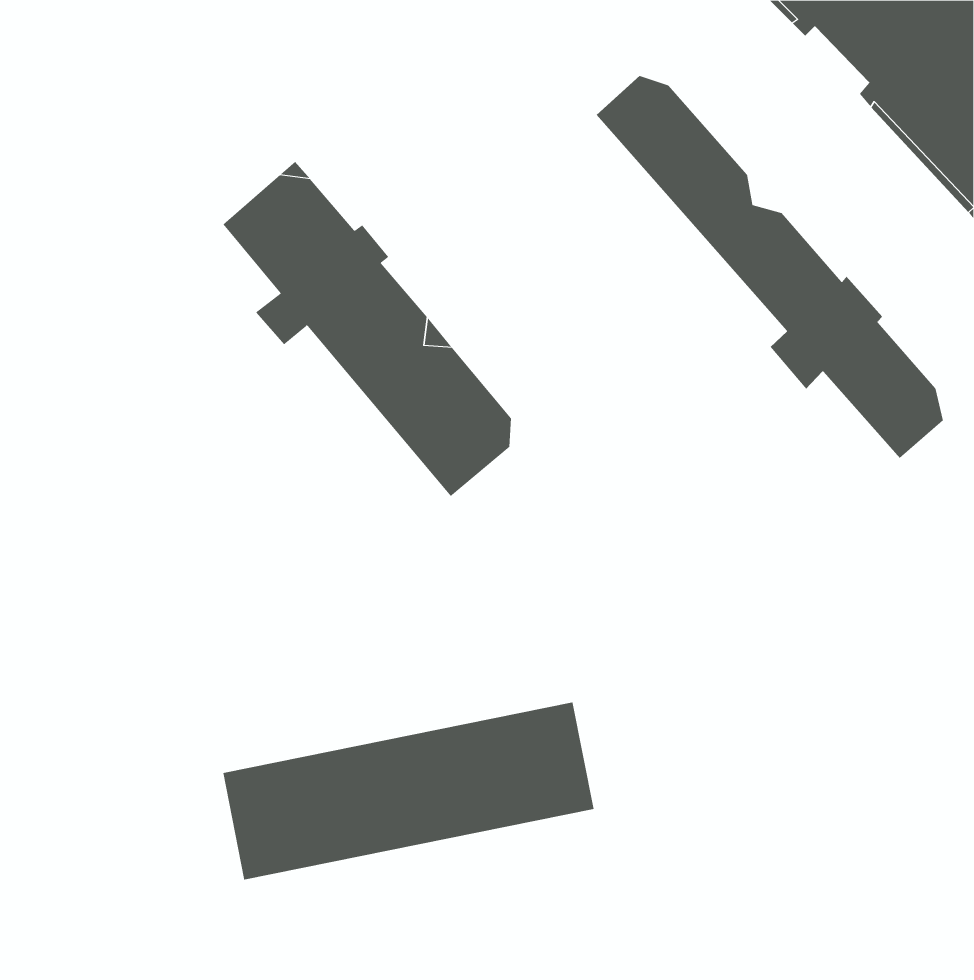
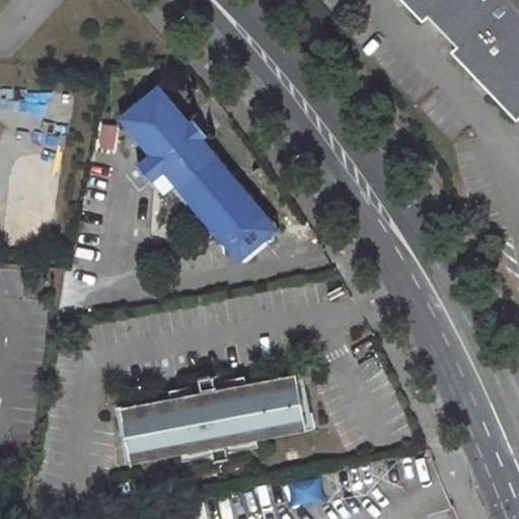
building: [596,75,944,459] -> none

